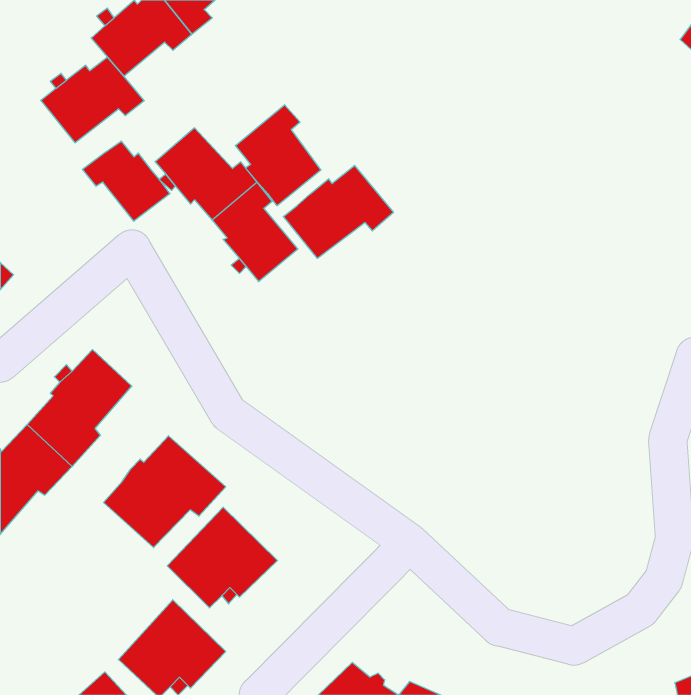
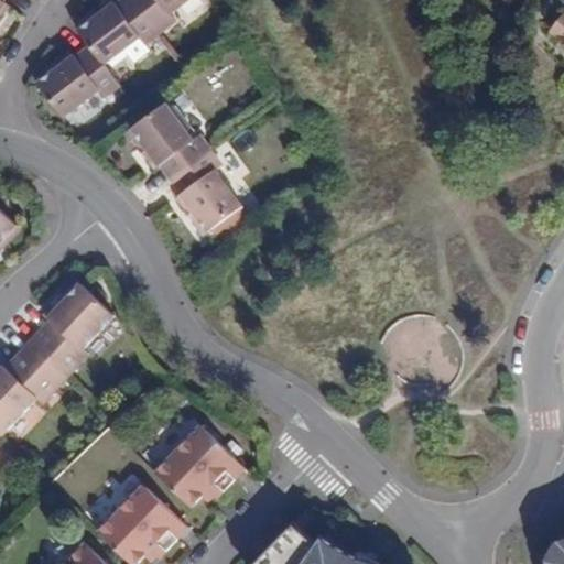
building: [235,105,321,206] -> none
building: [83,141,170,221] -> none
building: [283,165,393,258] -> none
building: [104,436,226,548] -> none

